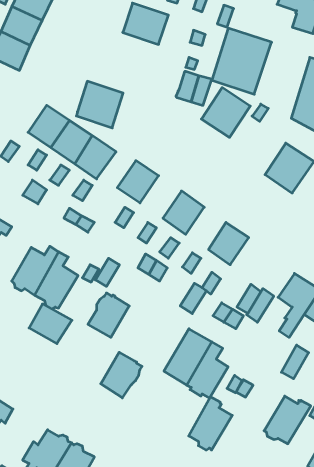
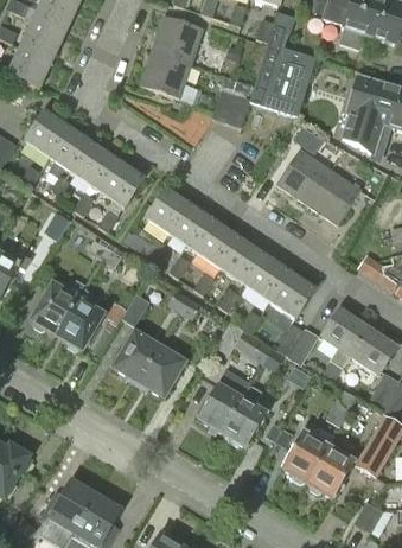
building: [76,81,123,128] -> [141,47,192,98]
building: [201,88,250,137] -> [277,148,331,203]
building: none -> [26,110,70,157]
building: none -> [172,204,217,250]
building: none -> [222,238,266,285]
building: none -> [270,272,315,318]
building: [29,304,72,344] -> none
building: [101,352,142,398] -> [140,346,185,396]
building: [189,397,232,450] -> [282,425,330,483]

